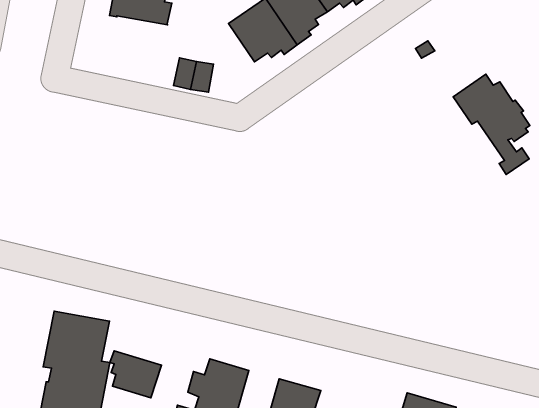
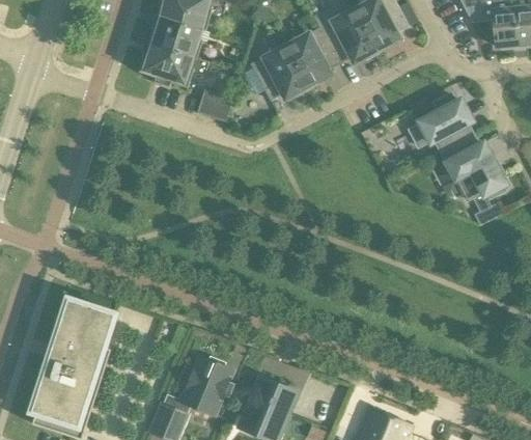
building: none -> [137,44,207,86]
building: none -> [408,93,471,150]
building: [110,351,161,398] -> none

